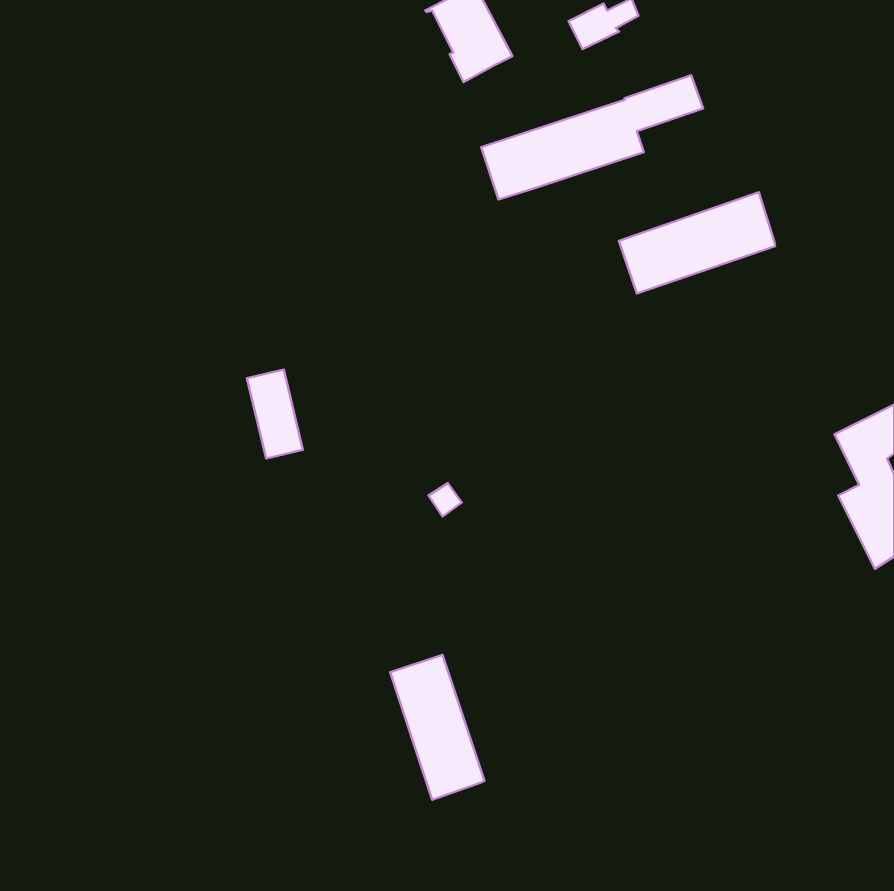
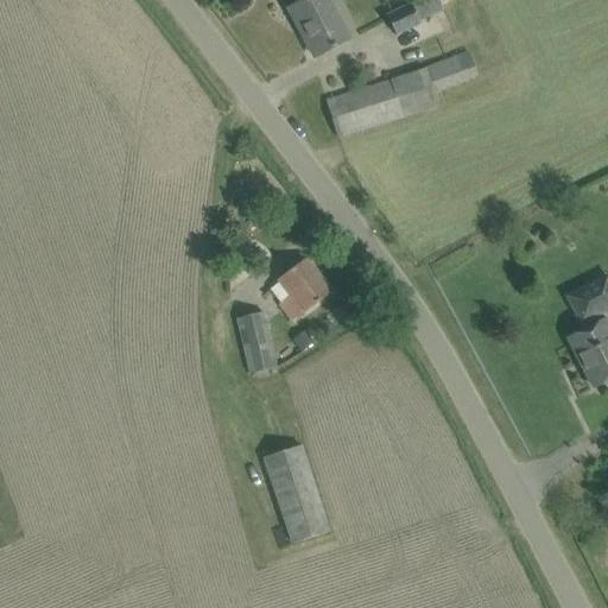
building: [619,192,775,293] -> none
building: [247,369,303,459] -> [238,311,276,372]
building: none -> [271,256,332,319]

